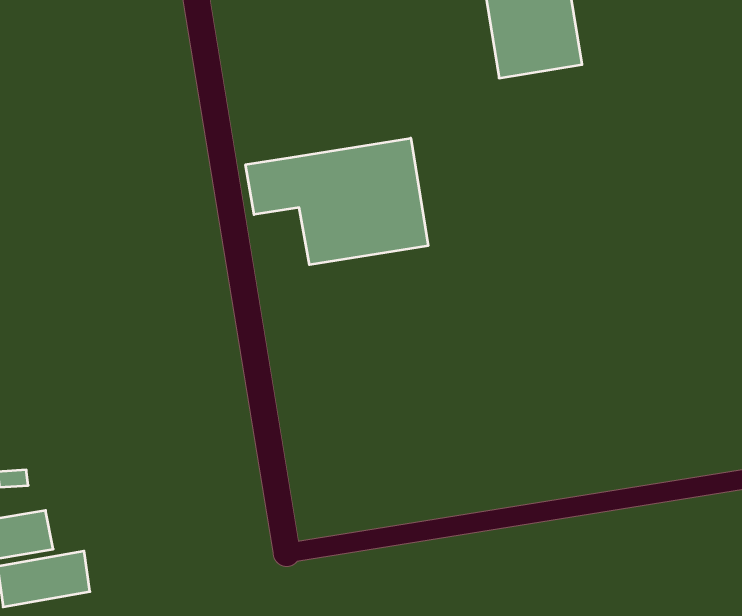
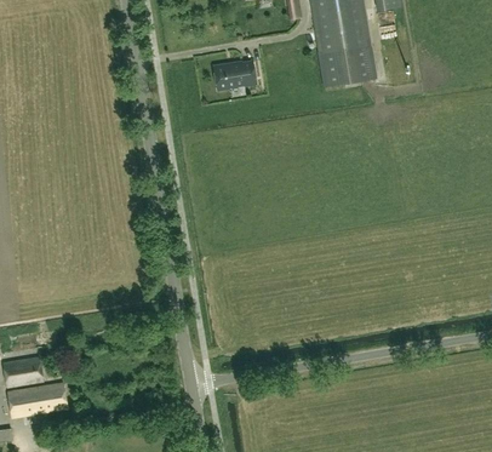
building: none -> [214,58,257,88]
building: [246,138,428,265] -> none

